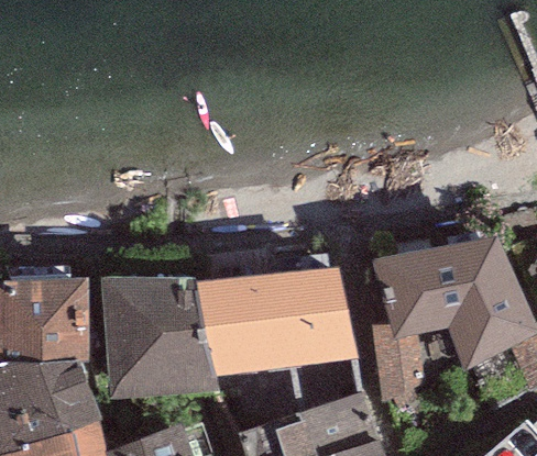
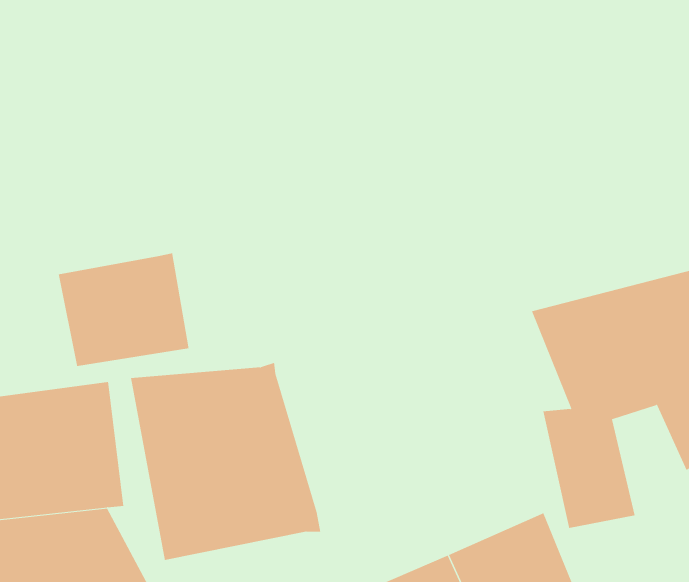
building: none -> [58,253,189,367]
building: [198,267,359,378] -> none

